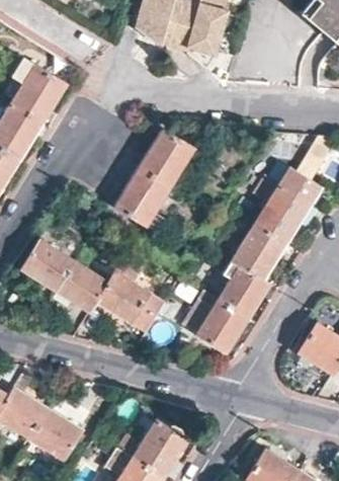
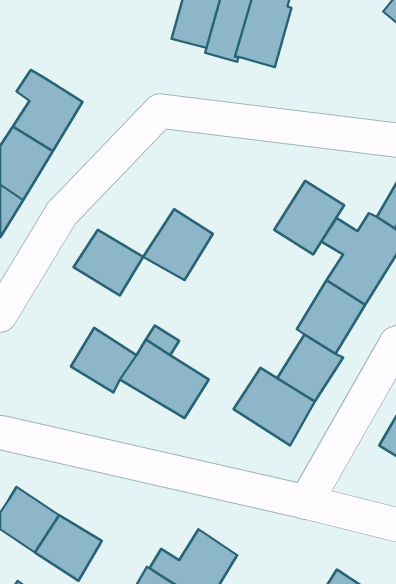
building: [138,129,192,186] -> [274,181,344,254]
building: [20,239,75,291] -> [73,230,143,296]

